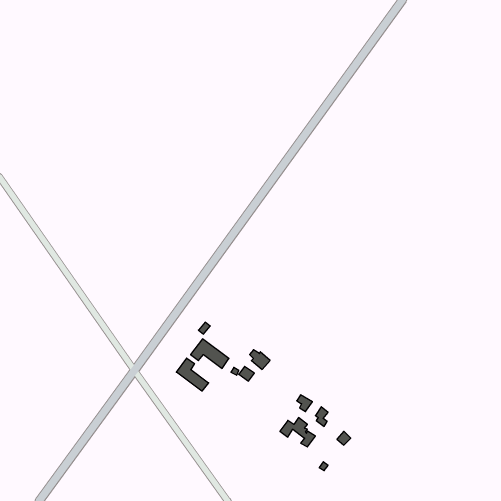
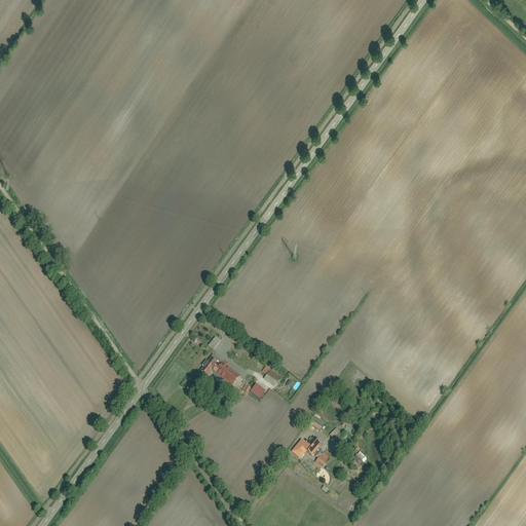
building: [176,358,209,391] -> none

